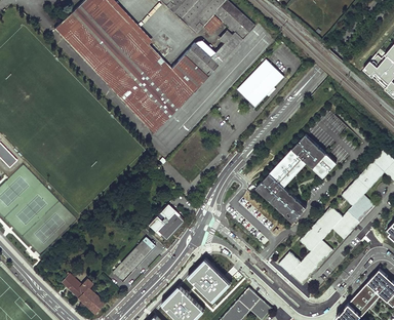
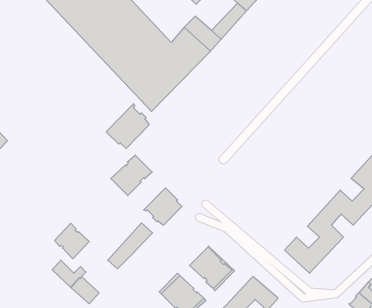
building: [237,59,283,107] -> none
building: none -> [106,104,149,148]
building: [255,134,337,223] -> none
building: none -> [111,155,152,196]
building: none -> [55,223,89,259]

